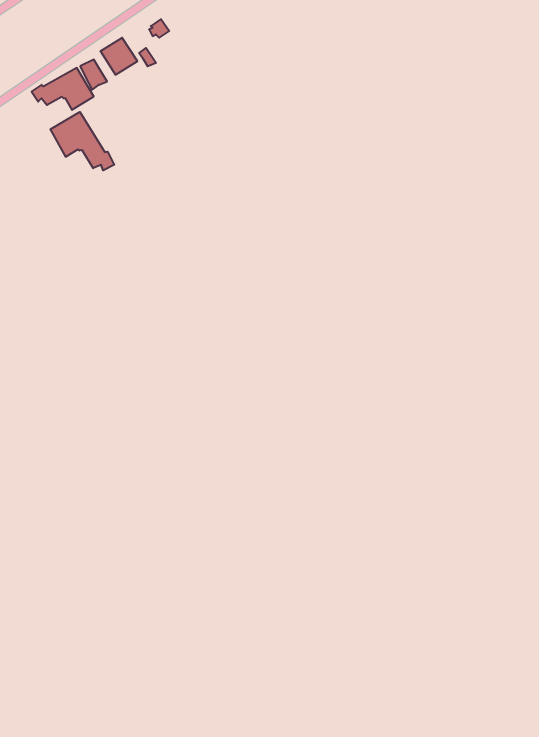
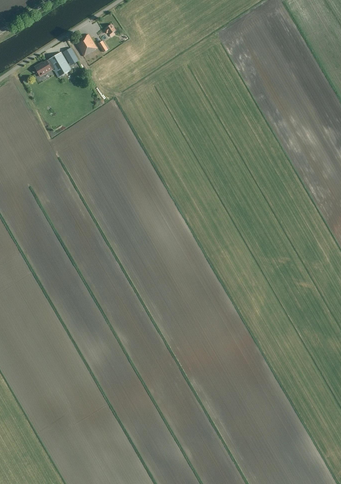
building: [50,112,114,170] -> none

